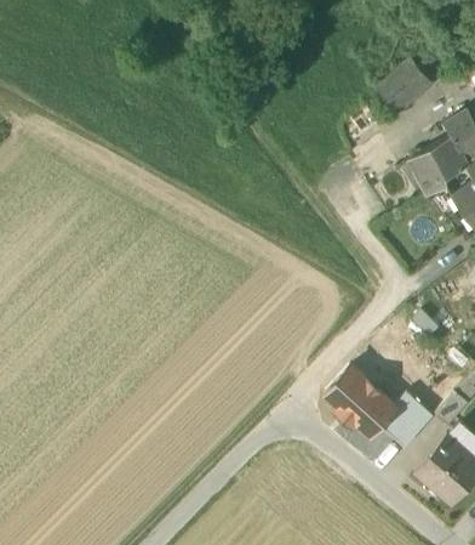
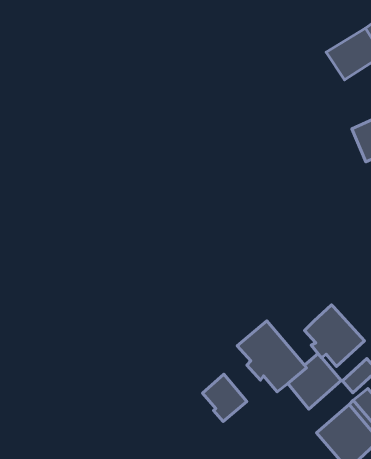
building: none -> [304,305,365,367]
building: none -> [202,374,247,422]

